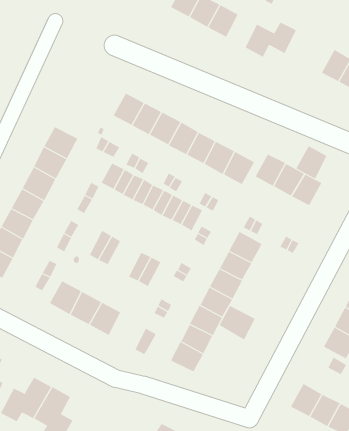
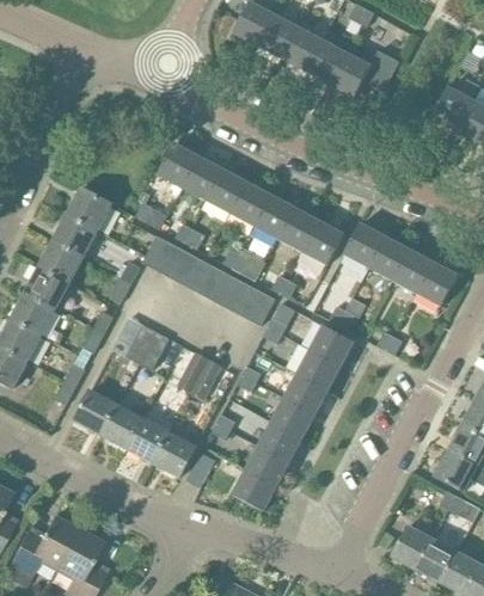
building: none -> [307,41,347,84]
building: [295,146,327,179] -> [416,262,458,306]
building: [219,305,256,340] -> none
building: none -> [153,431,196,477]

